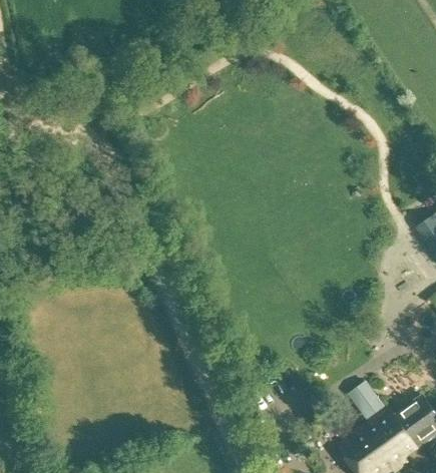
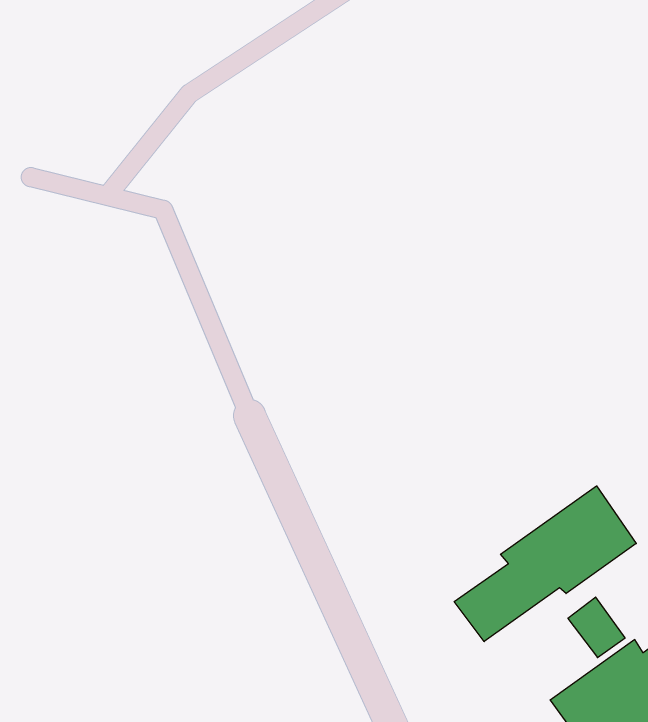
building: none -> [454,486,636,642]

